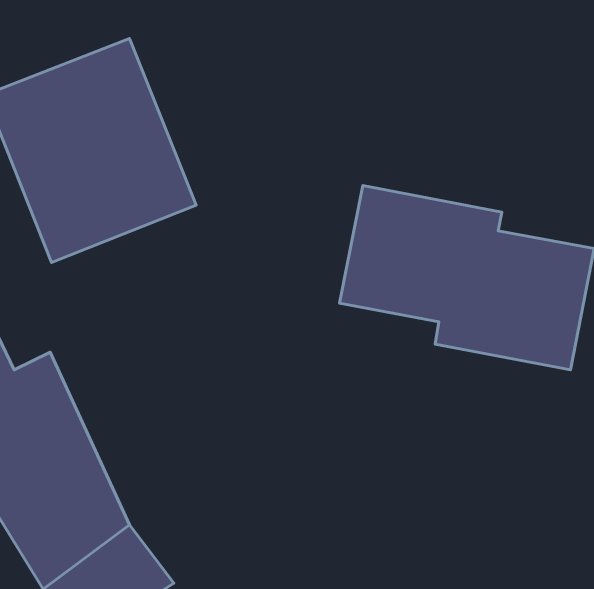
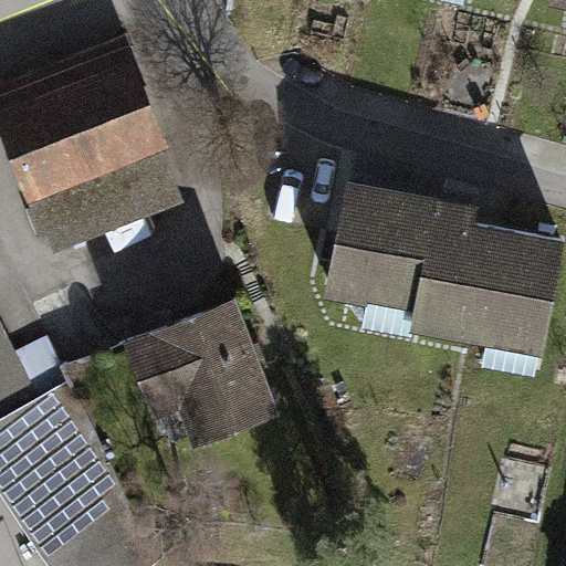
building: none -> [123,303,274,451]

